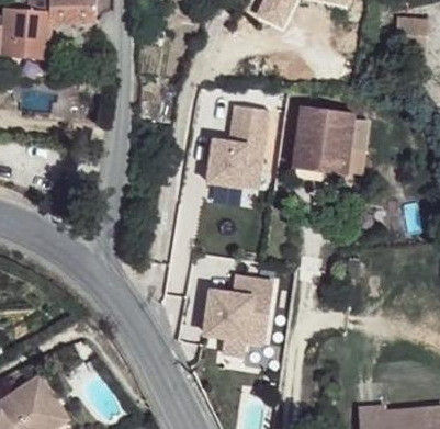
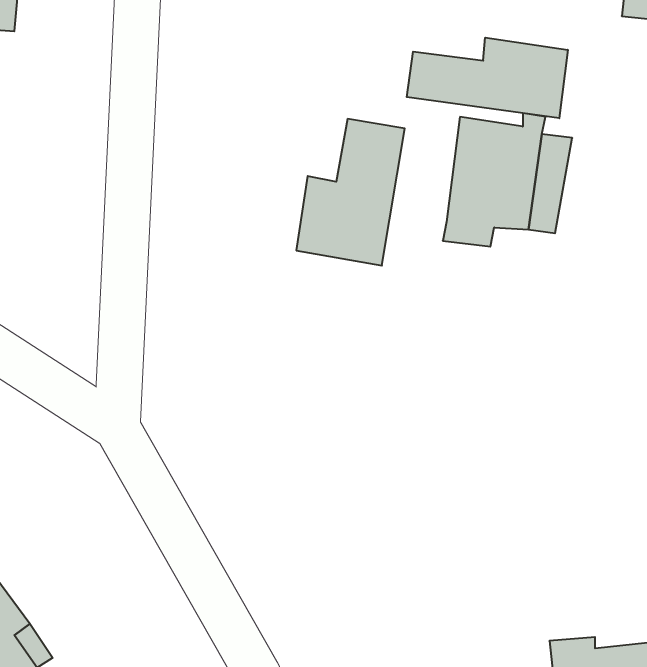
building: none -> [407,38,568,118]
building: [204,278,273,355] -> none

